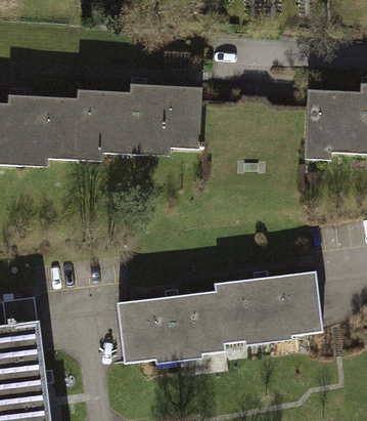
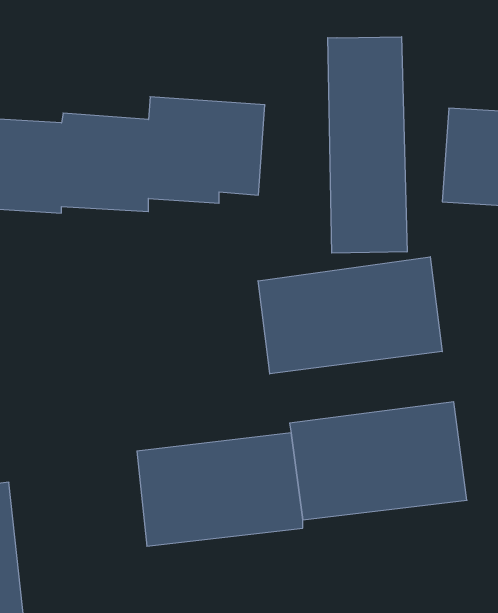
building: none -> [328,37,407,253]
building: none -> [258,257,442,374]

